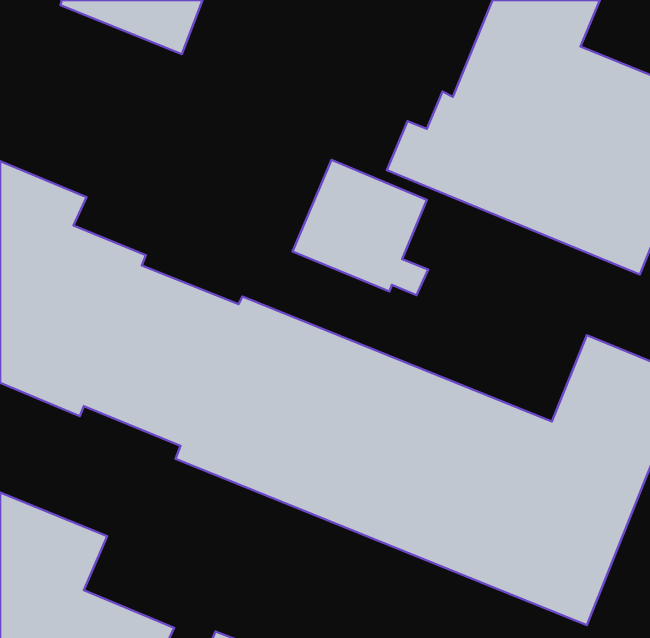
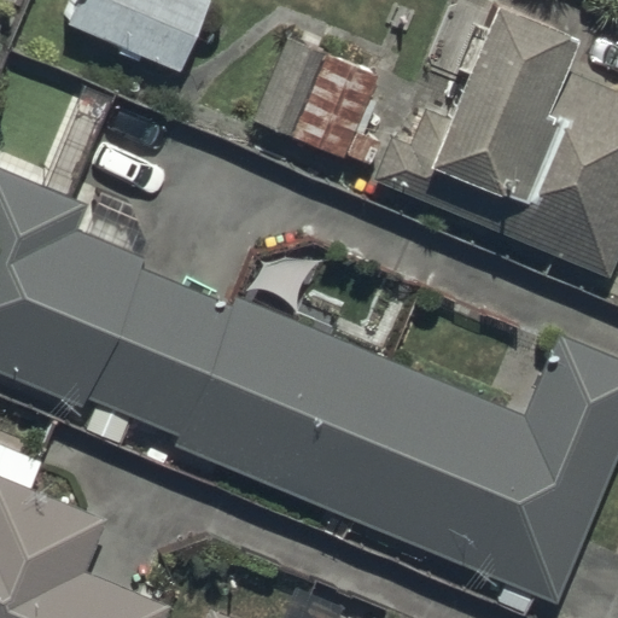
building: [293,160,428,295] -> [255,40,381,167]

